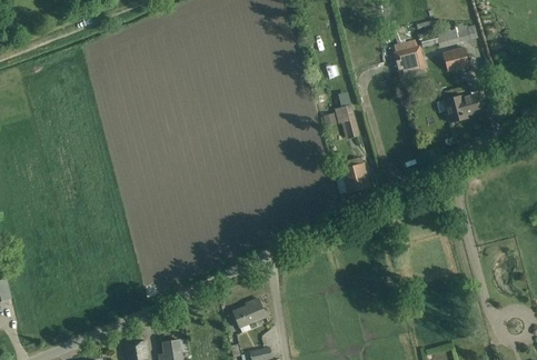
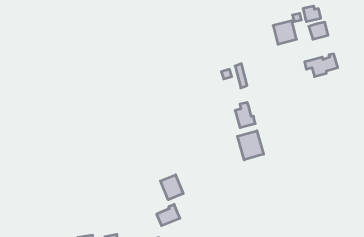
building: none -> [237,131,264,160]
building: none -> [160,175,183,200]

